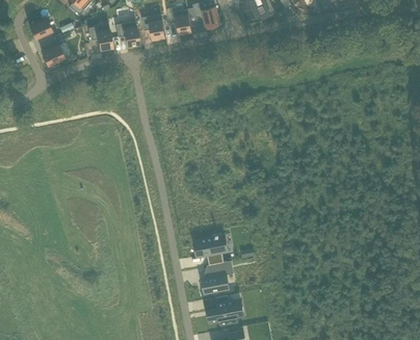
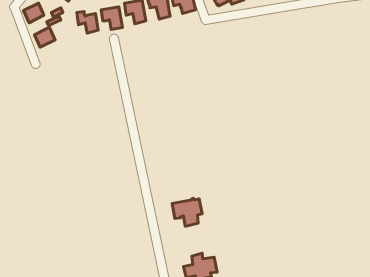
building: [202,262,230,294] -> none

